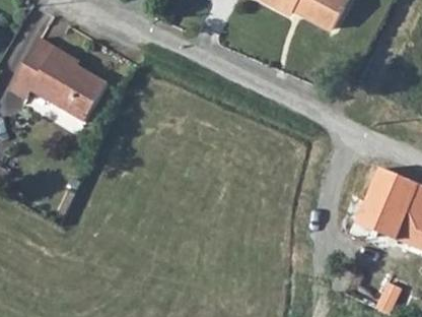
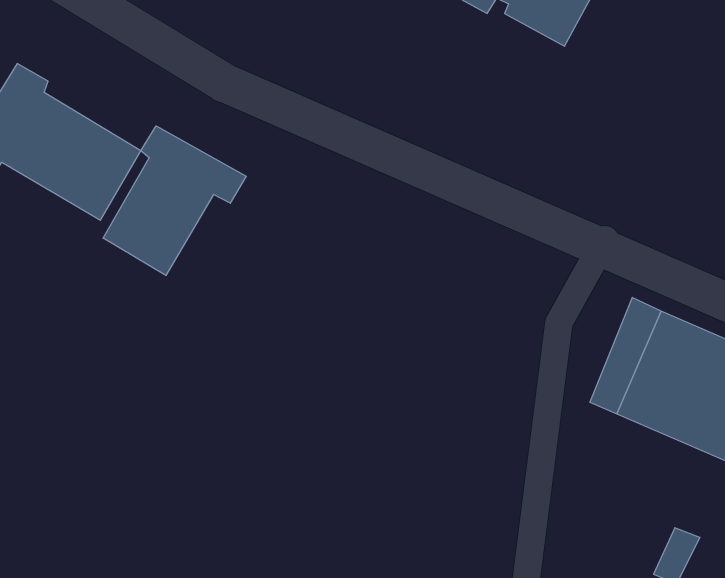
building: none -> [103,126,246,275]

